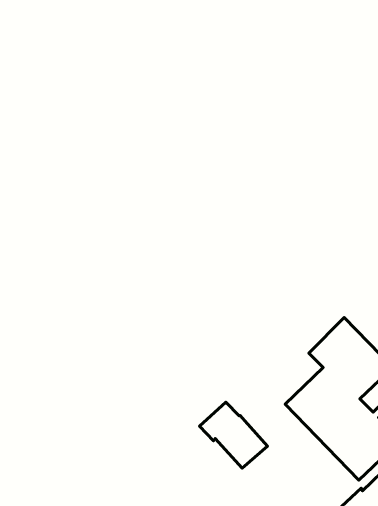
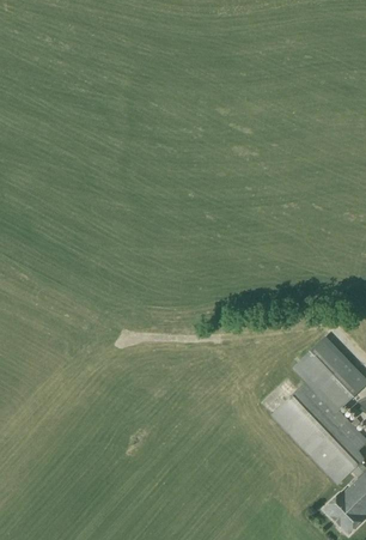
building: [199,402,267,468] -> none

